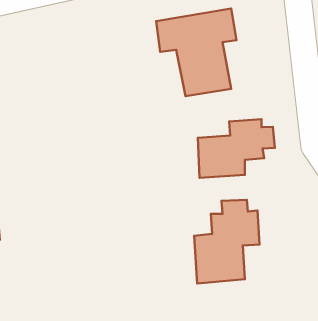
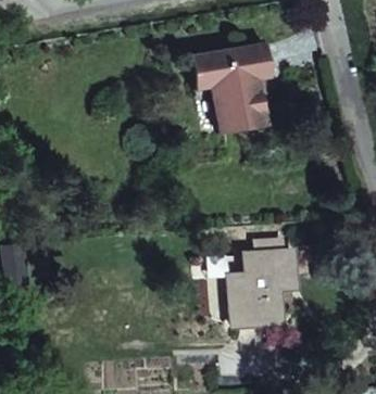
building: [198,119,275,178] -> none

